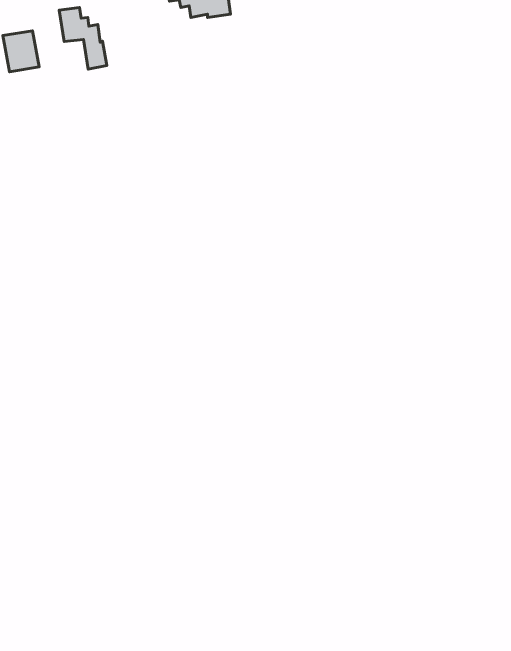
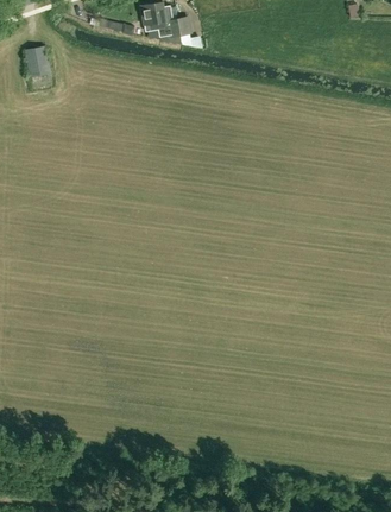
building: [59,8,107,69] -> none

